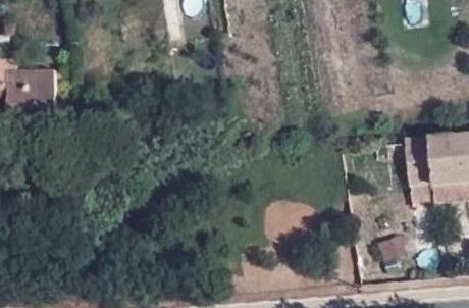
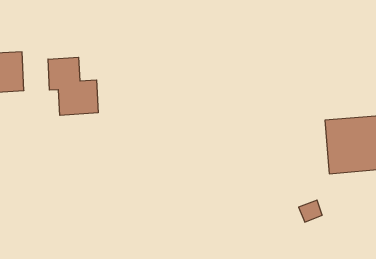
building: none -> [48,57,98,115]

